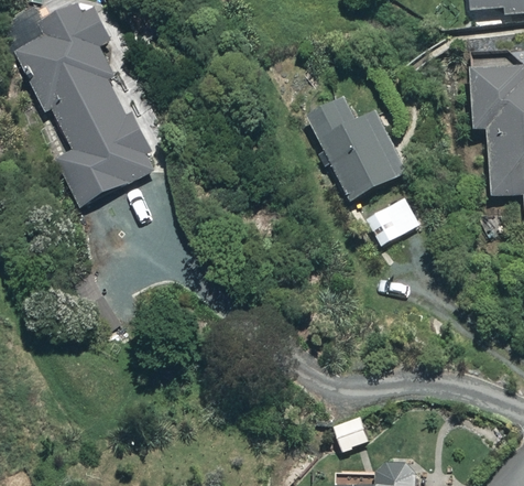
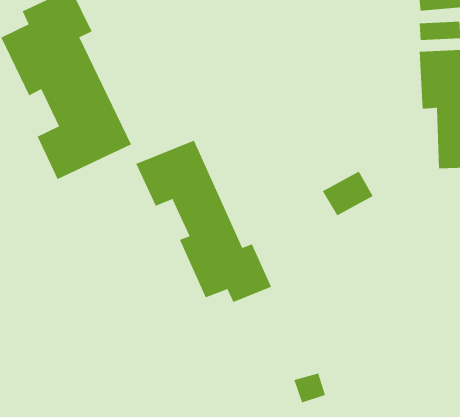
building: [308,96,406,202] -> none
building: none -> [136,140,272,303]

